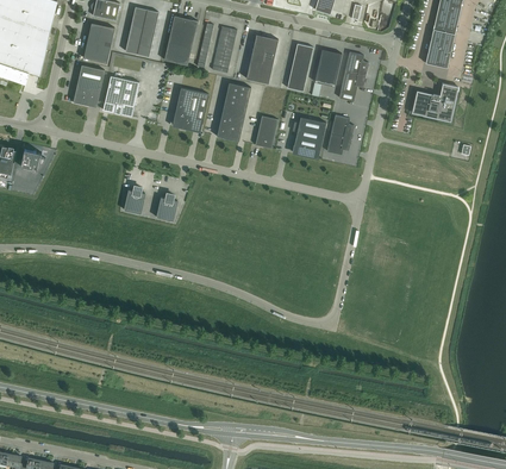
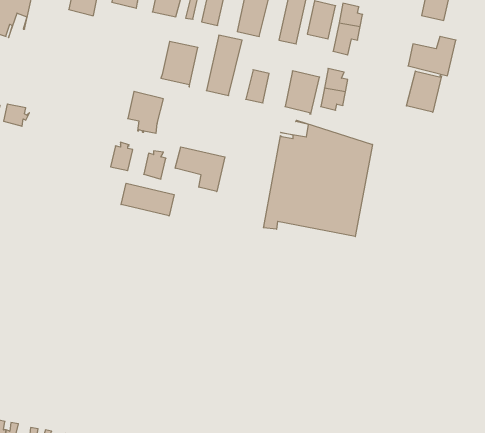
building: [73,64,105,107] -> none
building: [105,75,139,115] -> [128,91,163,133]
building: none -> [406,71,441,112]
building: none -> [263,120,372,237]
building: none -> [175,147,225,192]
building: none -> [121,183,174,216]

